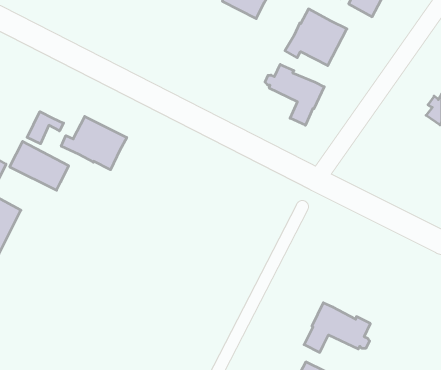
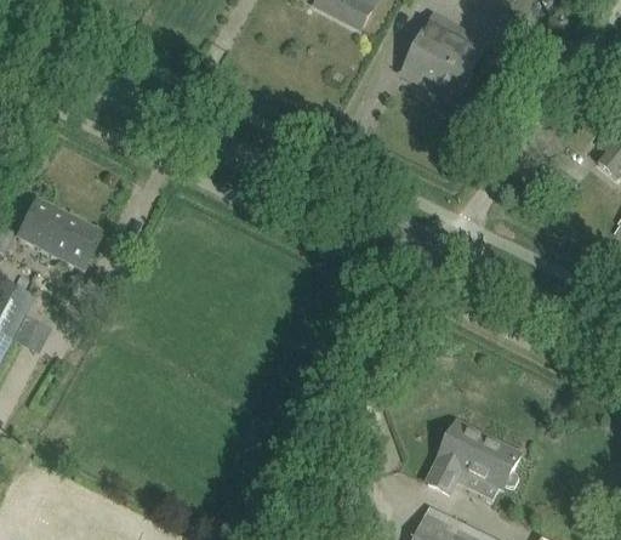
building: [265,64,324,125] -> none
building: [27,112,64,144] -> none
building: [61,116,127,170] -> none

